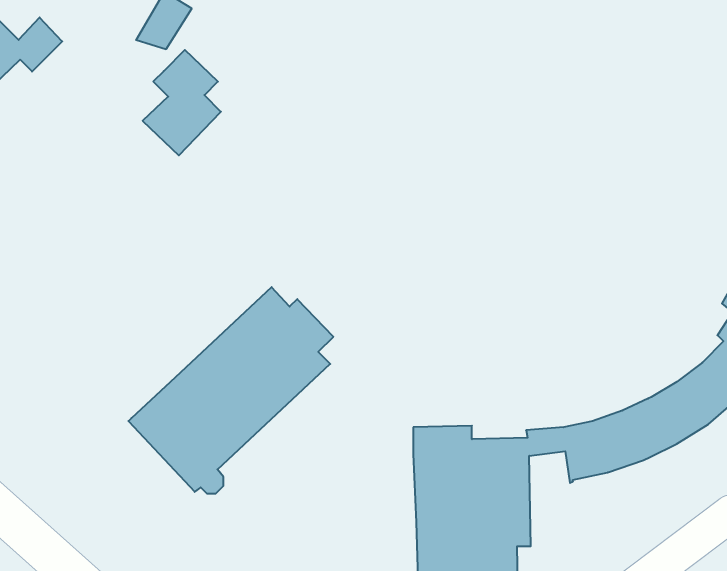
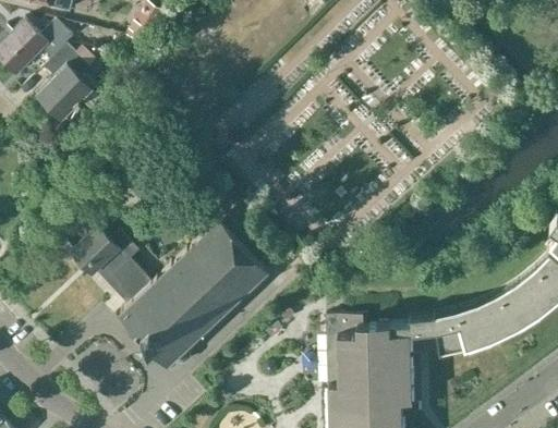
building: [143,50,221,155] -> [36,45,93,121]
building: none -> [69,230,155,310]

